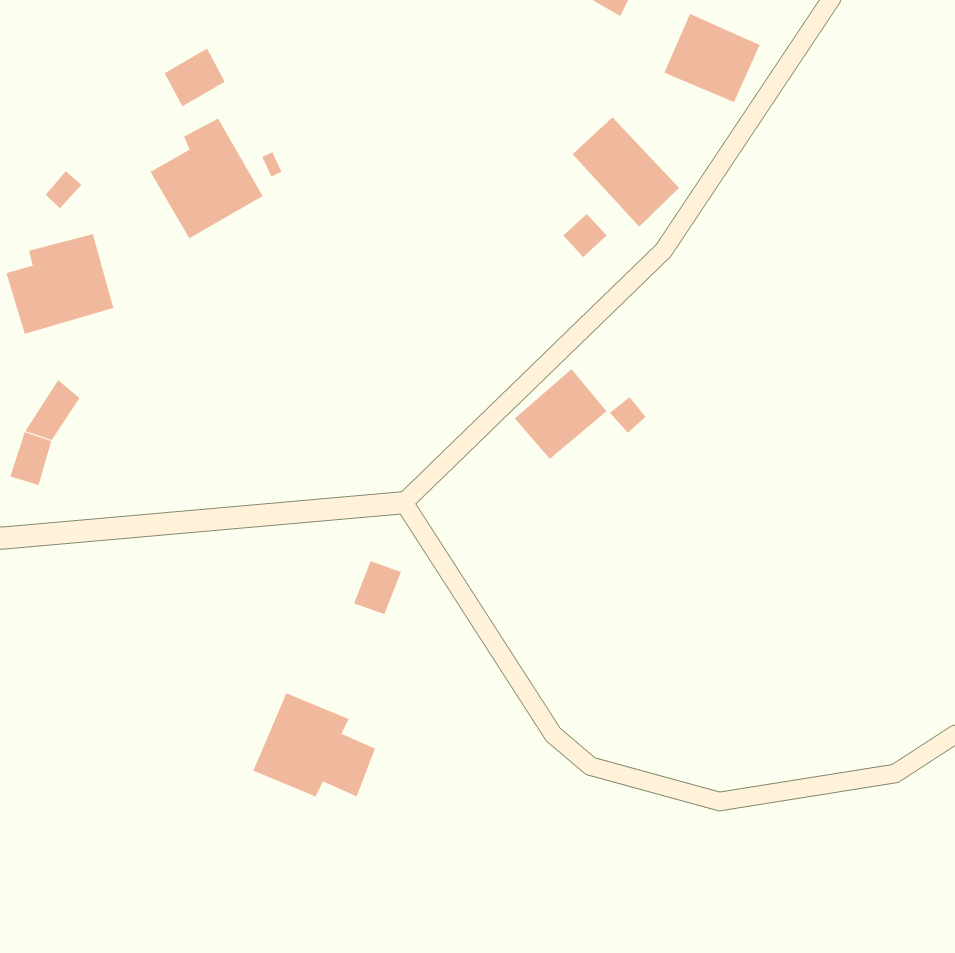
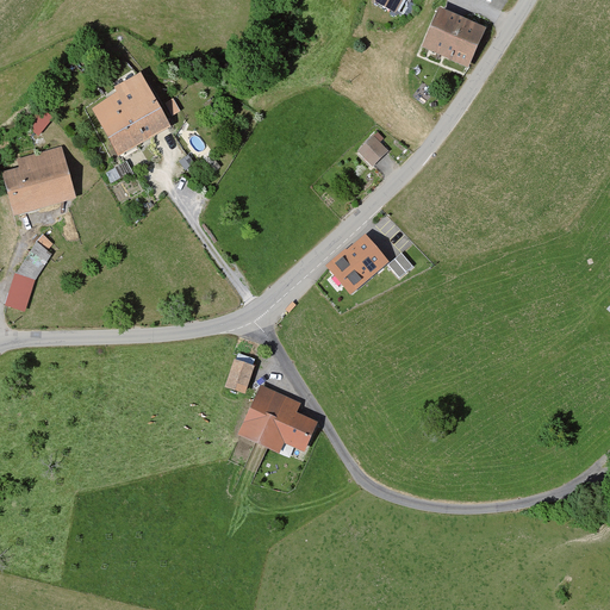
building: [164,48,226,107] -> none
building: [572,117,680,227] -> none
building: [252,693,376,797] -> [239,384,318,450]

